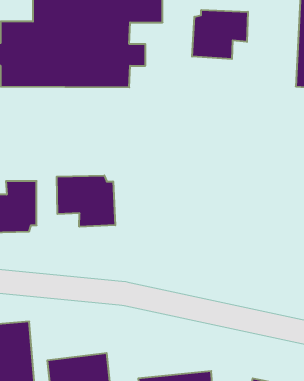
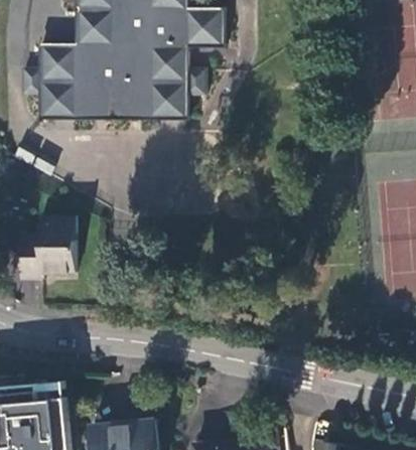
building: [192,10,248,59] -> none
building: [57,175,115,227] -> none

